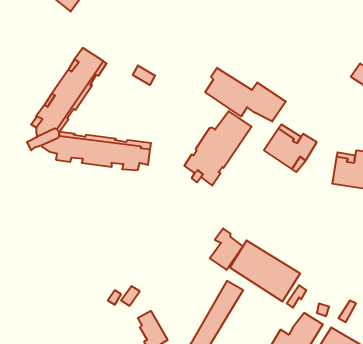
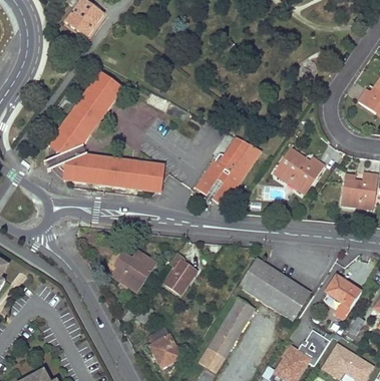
building: [205,68,286,122] -> none
building: [210,228,243,270] -> [163,253,196,293]
building: none -> [112,251,155,291]
building: none -> [325,275,360,320]

